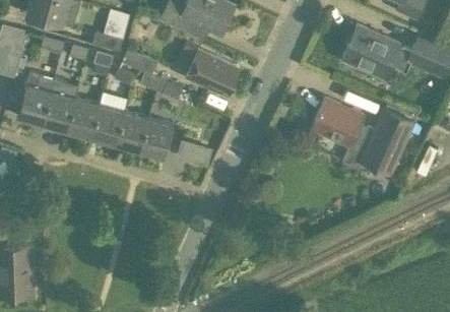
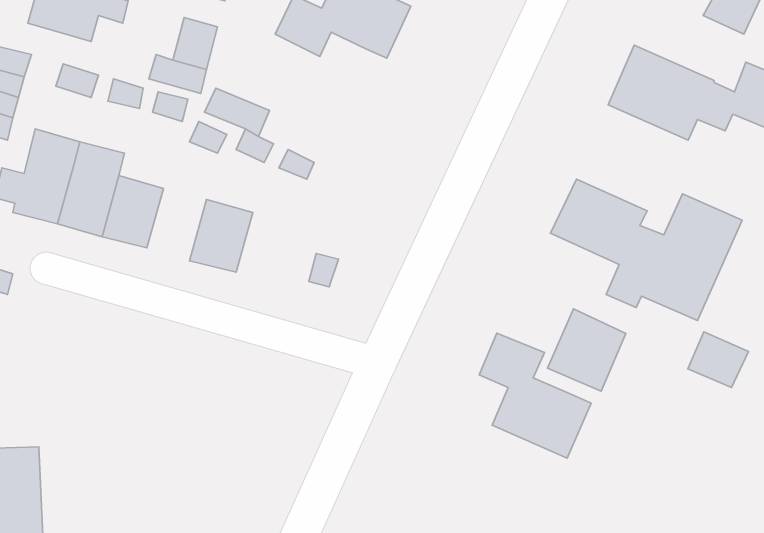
building: [185,50,240,97] -> none
building: [90,105,123,144] -> none
building: [139,118,173,158] -> none
building: none -> [548,309,626,391]
building: none -> [688,332,749,388]
building: none -> [479,333,591,458]

